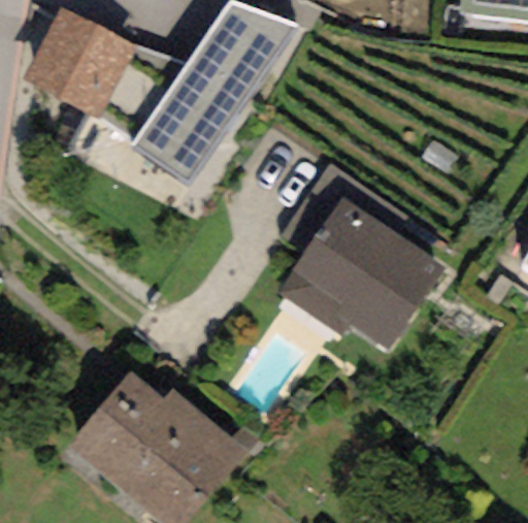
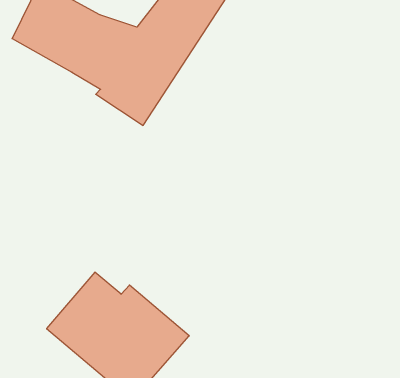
building: [277,163,447,350] -> none

